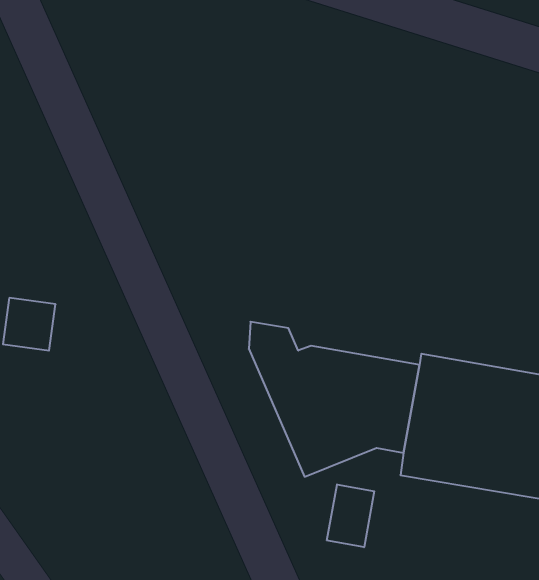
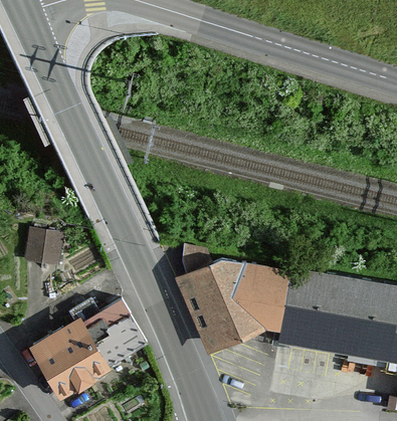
building: none -> [32,299,146,394]
building: [327,484,374,547] -> none

